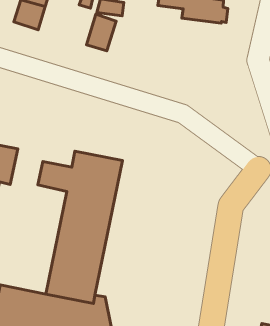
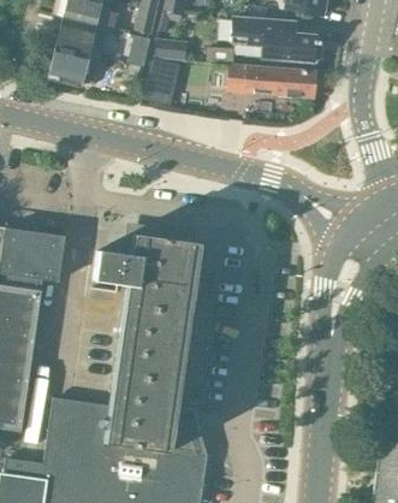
building: none -> [227,64,315,97]

